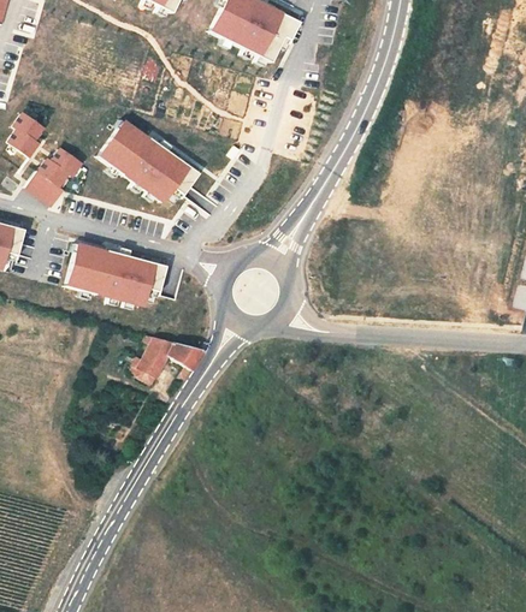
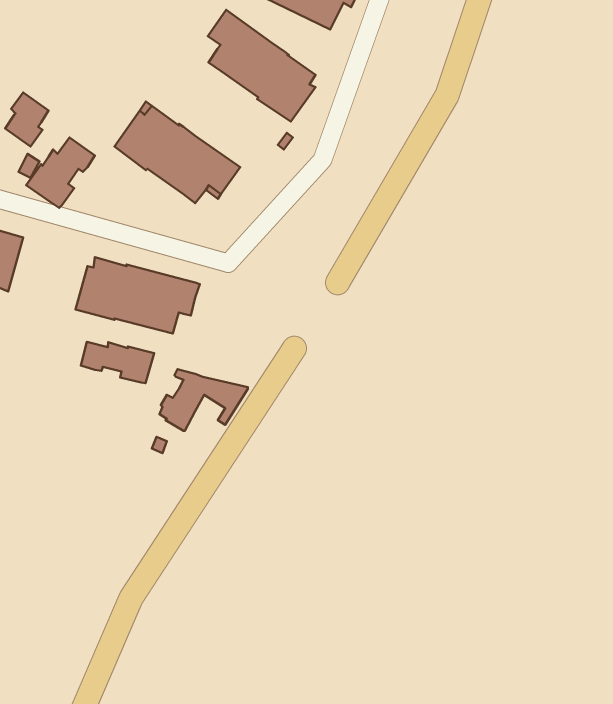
building: none -> [208,10,315,122]
building: none -> [81,342,154,383]

